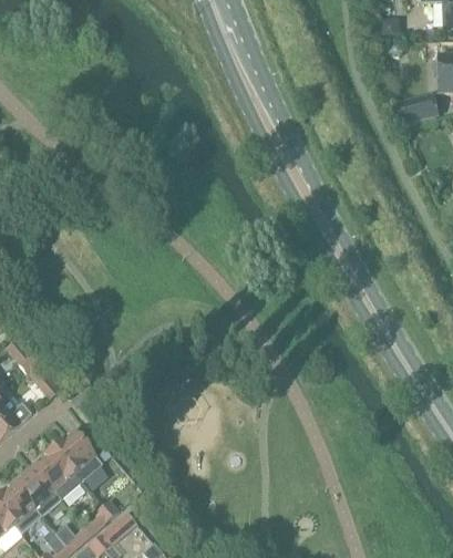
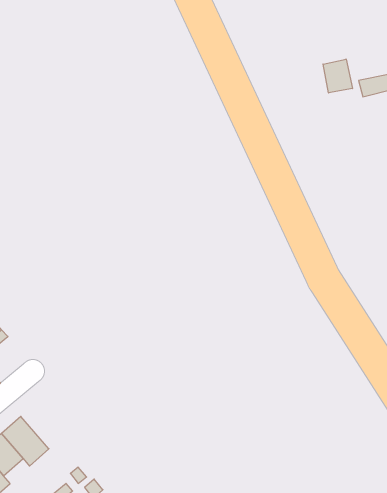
building: none -> [323,59,352,93]
building: [52,431,101,482] -> none

